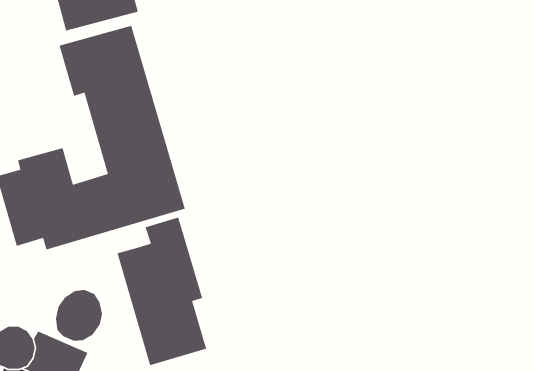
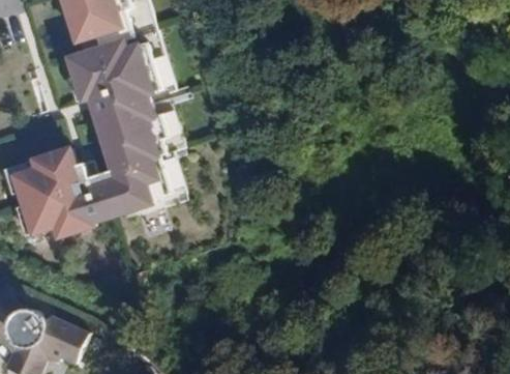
building: [116,217,207,366] -> none
building: [55,289,103,342] -> none

